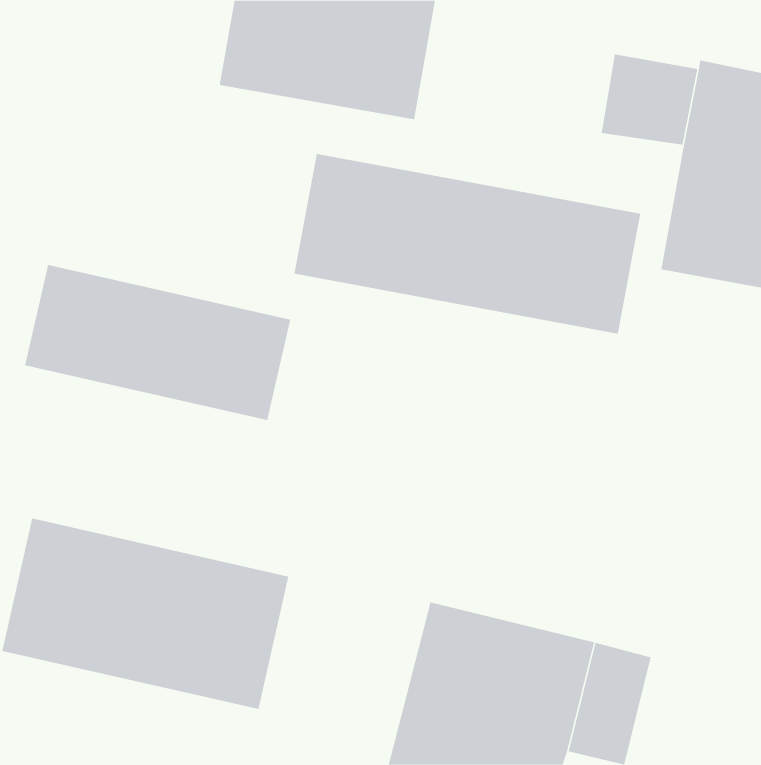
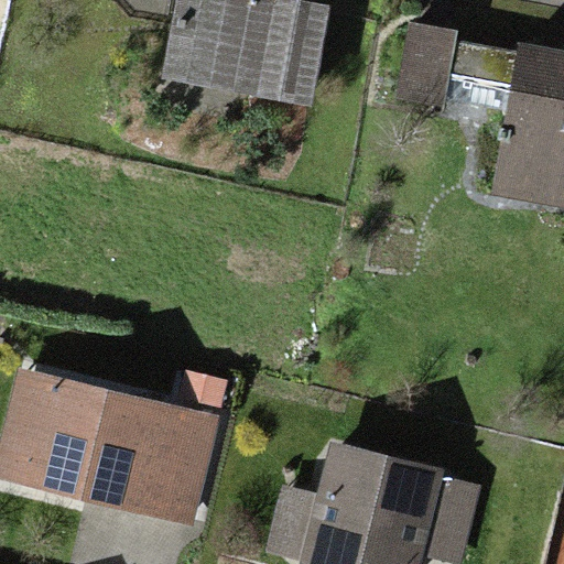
building: none -> [397,22,457,108]
building: [294,153,641,335] -> none
building: [24,264,291,421] -> none

